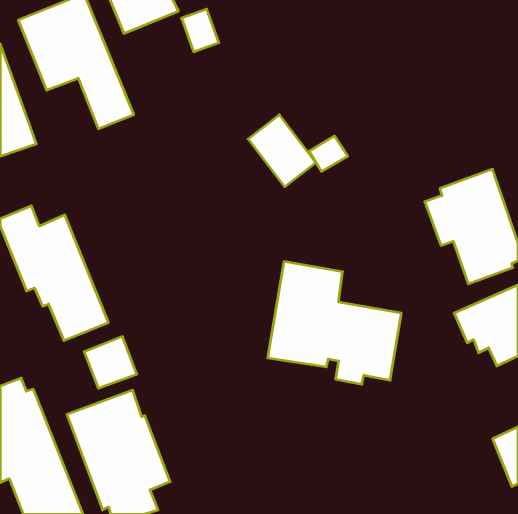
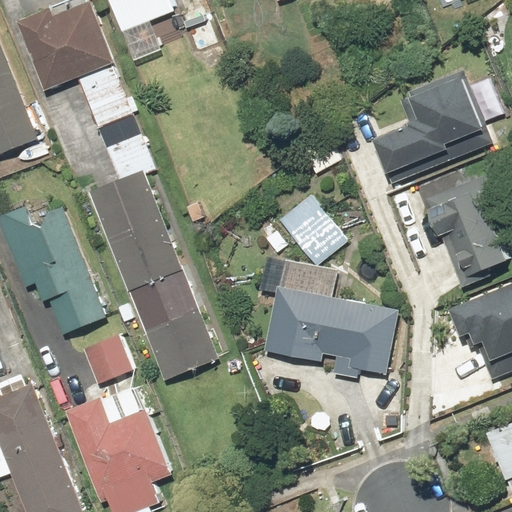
building: none -> [370,72,489,176]
building: [248,115,316,187] -> [280,193,347,264]
building: none -> [91,133,182,291]
building: none -> [132,274,220,380]

